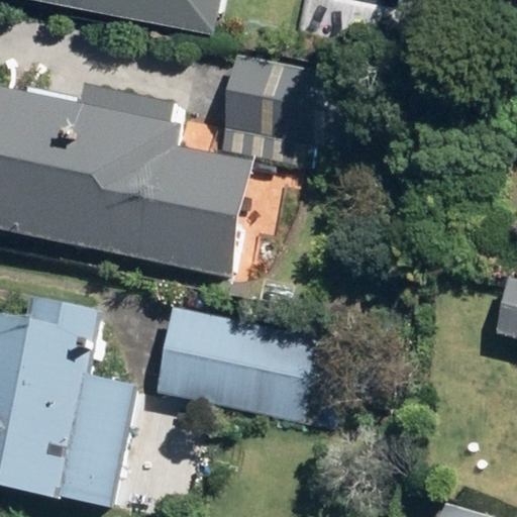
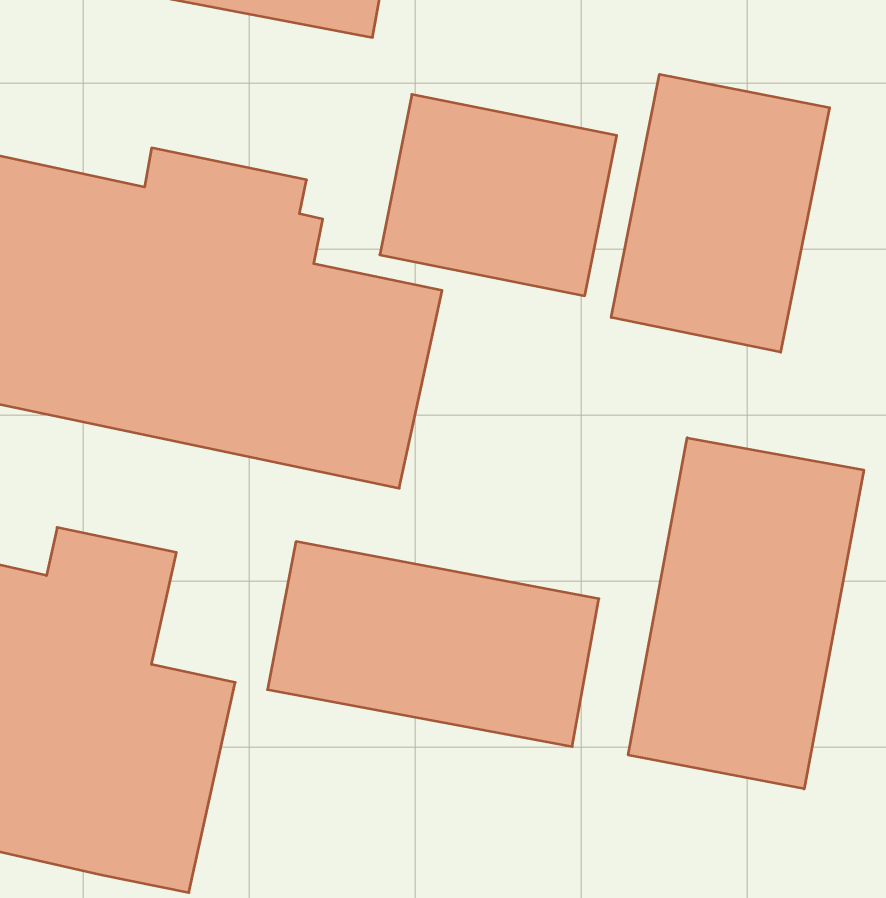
building: none -> [611,74,830,352]
building: none -> [628,438,864,789]

